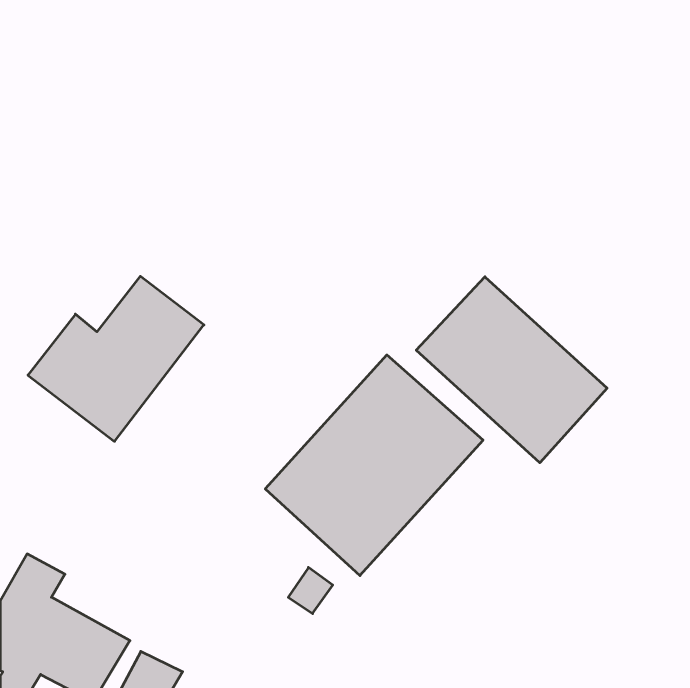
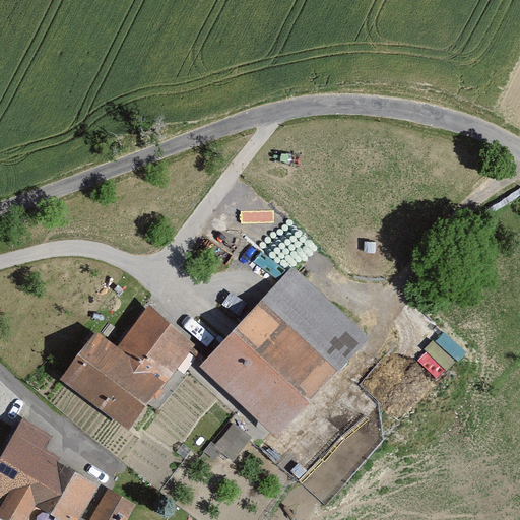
building: [28,276,204,441] -> [63,306,195,430]
building: [416,277,607,463] -> none

